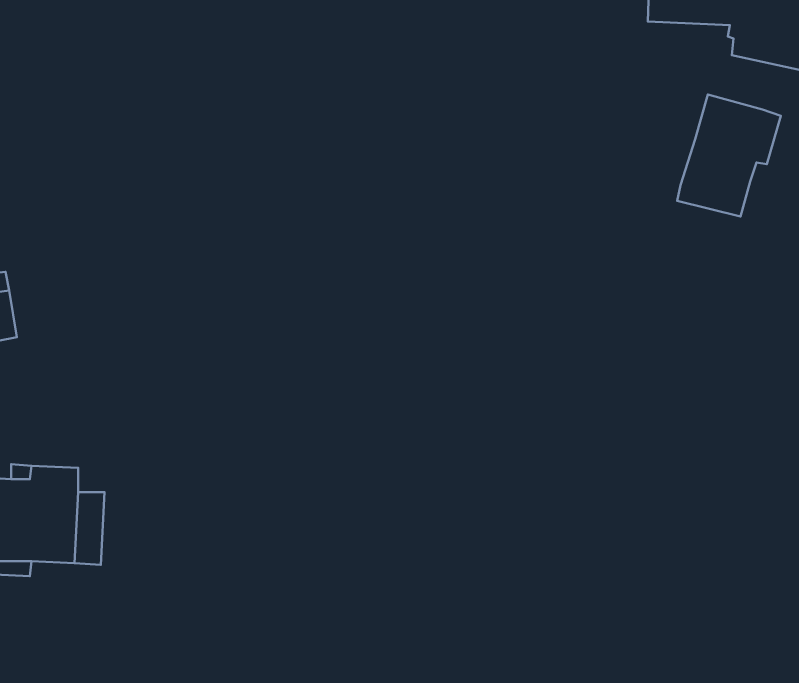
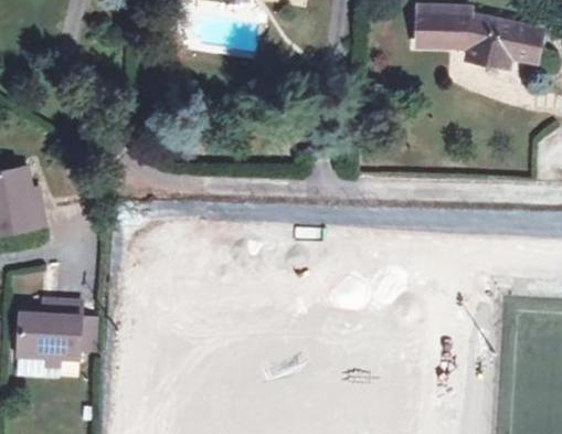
building: [677,95,781,217] -> none

